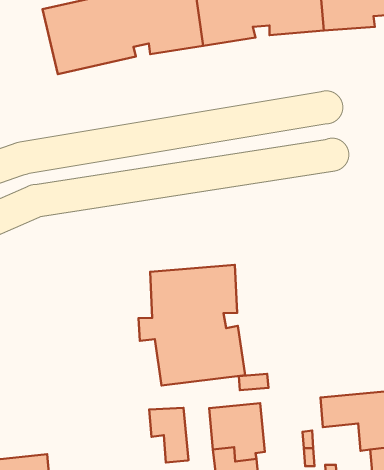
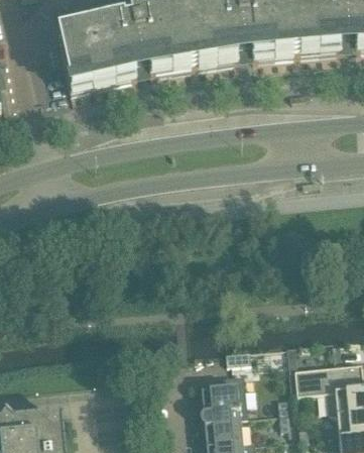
building: [138,265,245,385] -> none
building: [149,408,189,462] -> none

